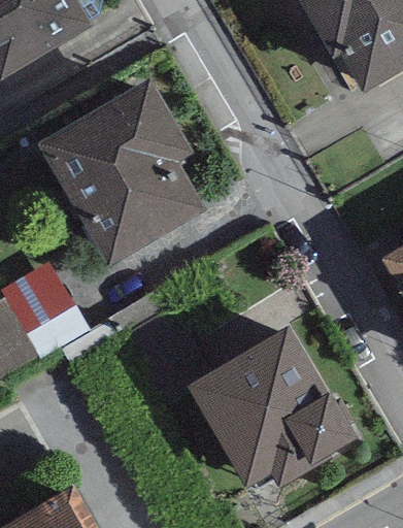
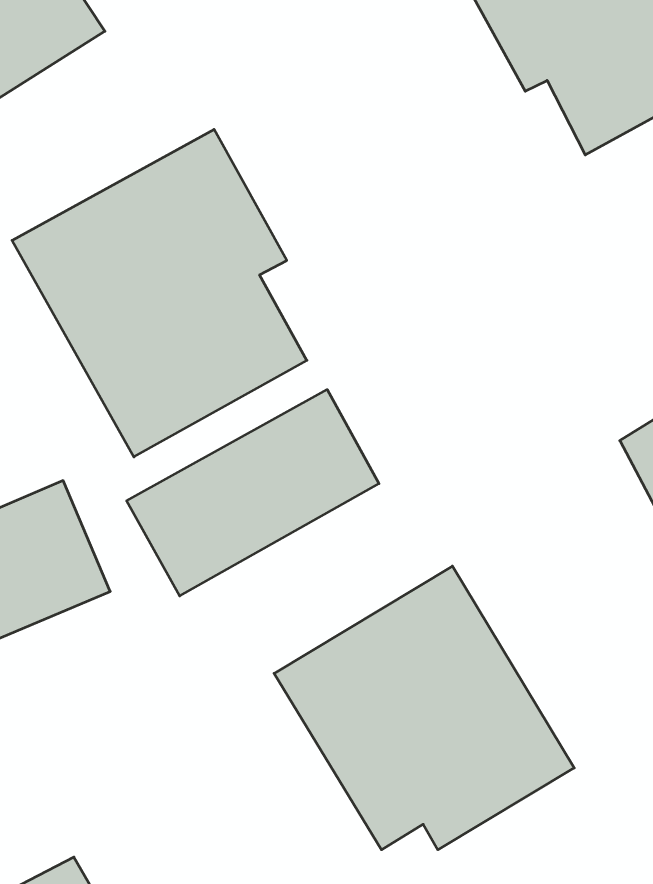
building: none -> [127,390,379,596]

